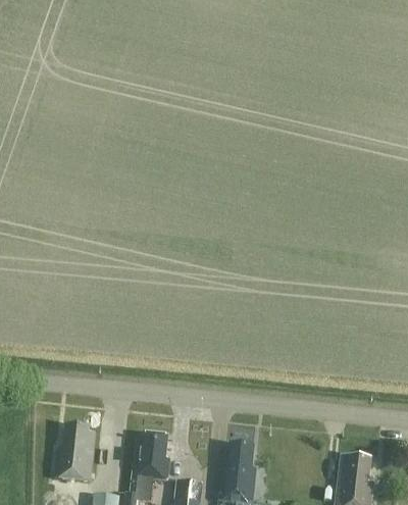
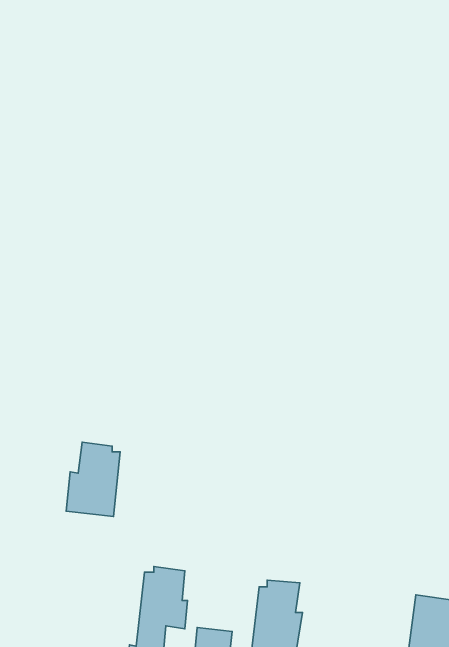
building: [54,424,95,481] -> [66,442,120,516]

